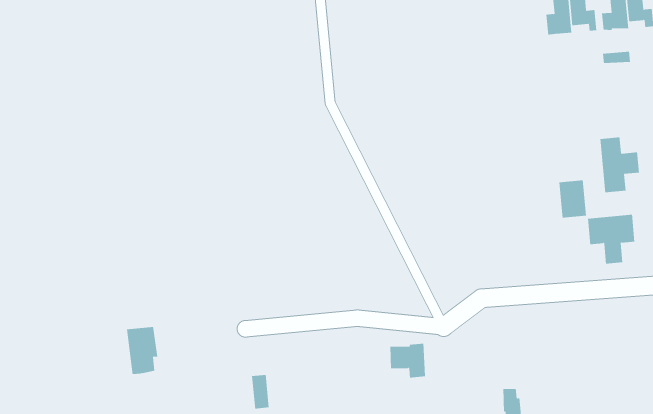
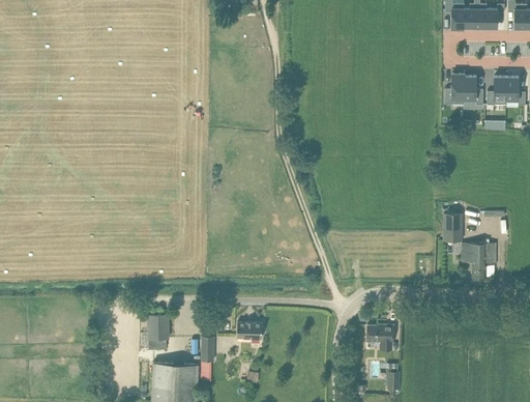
building: [600,137,640,193] -> none
building: [126,326,158,375] -> [147,316,169,351]
building: [390,343,426,378] -> [366,325,393,350]
building: none -> [237,322,264,341]

